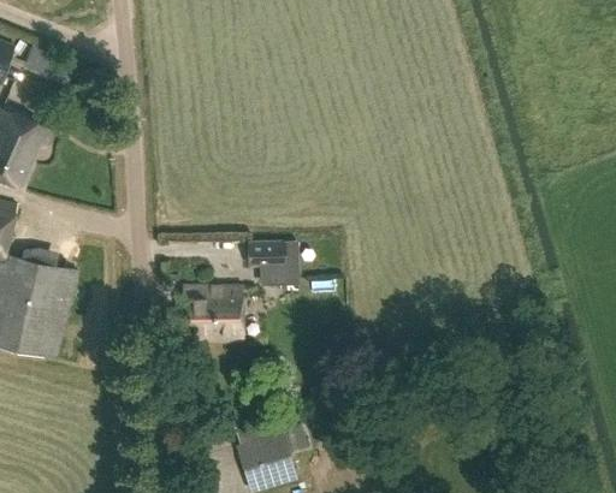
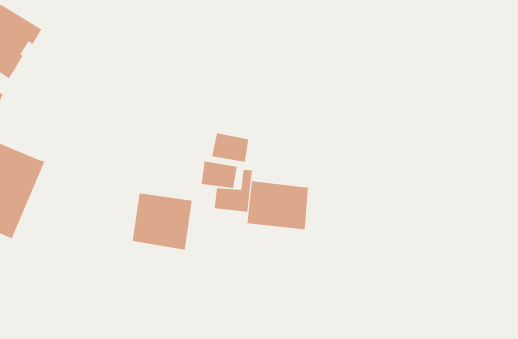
building: none -> [212,132,249,162]
building: none -> [247,181,309,230]

